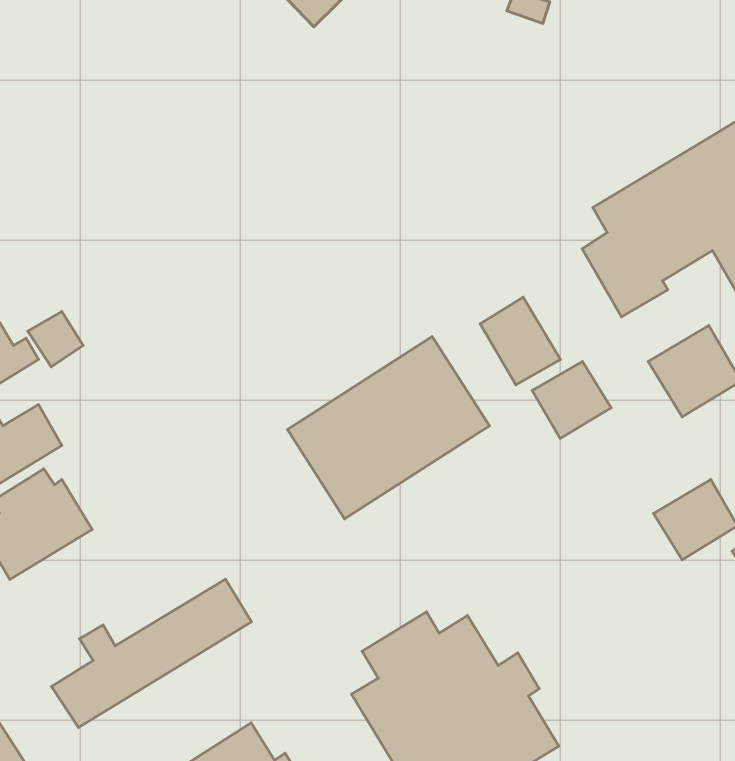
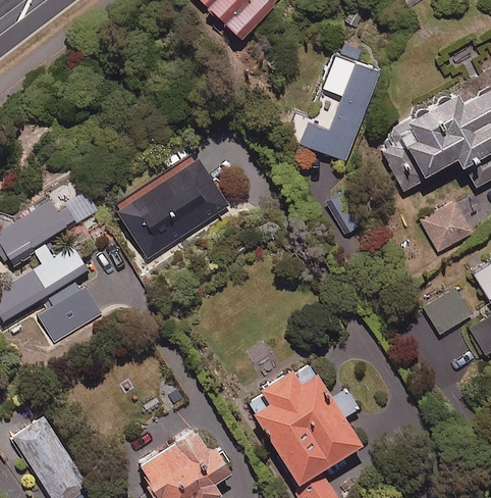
building: none -> [301,44,378,161]
building: [287,336,489,519] -> [115,157,230,261]
building: [532,362,611,438] -> none
building: [51,579,252,727] -> none

